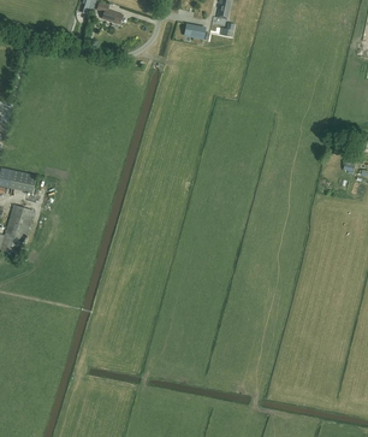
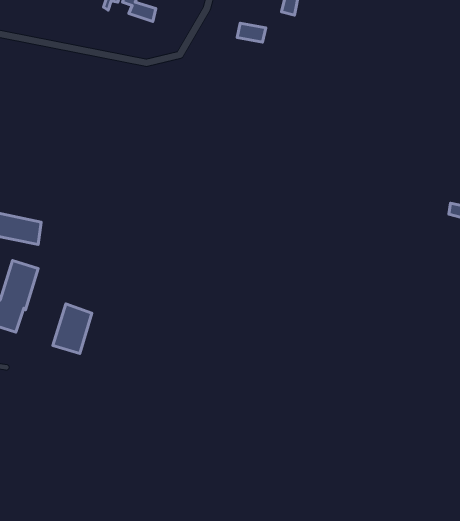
building: none -> [53,304,92,354]

